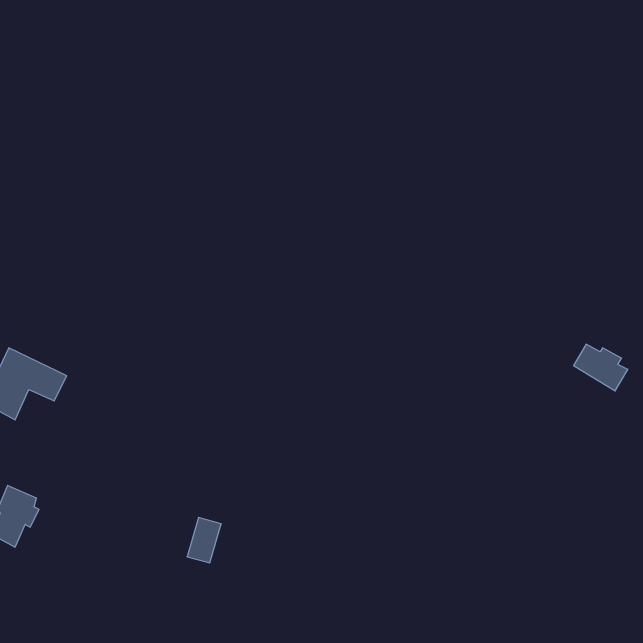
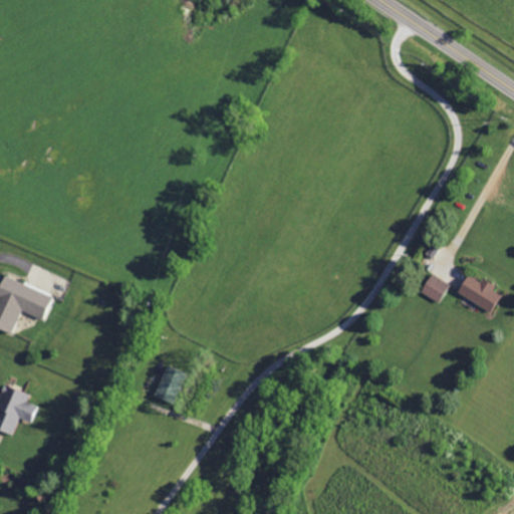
building: none -> [420,273,448,302]
building: [187,518,221,563] -> [155,366,182,403]

